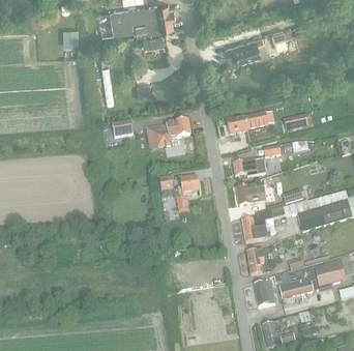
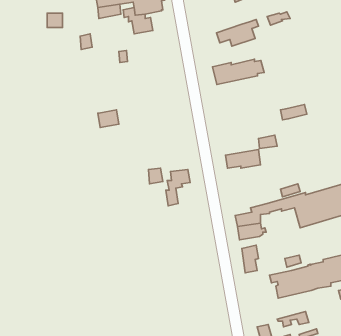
building: [225,111,273,135] -> [213,59,264,85]
building: [154,119,189,146] -> none
building: [235,182,264,205] -> none
building: [253,281,273,306] -> none

